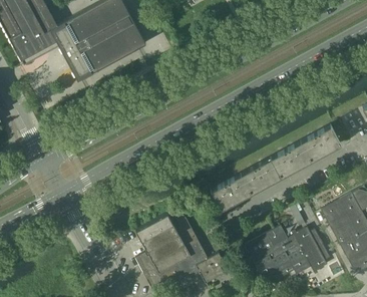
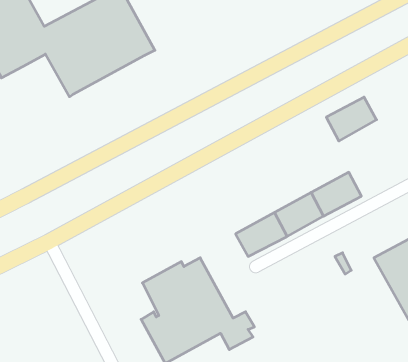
building: [300,124,340,160] -> [326,97,377,141]
building: [244,225,329,280] -> none

